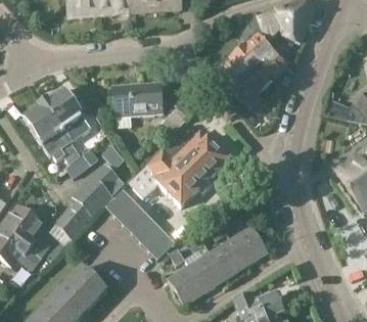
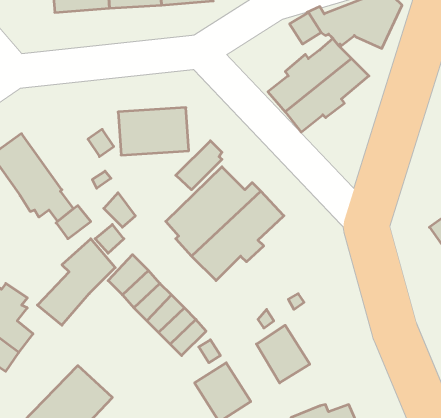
building: [44,88,92,141] -> none
building: [231,225,269,265] -> none
building: [189,240,227,291] -> none

